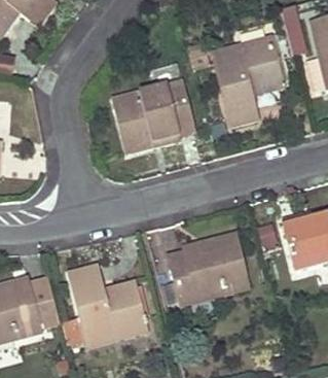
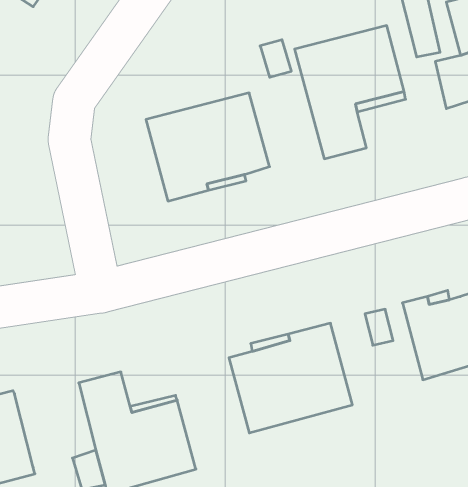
building: [28,274,61,328] -> none

